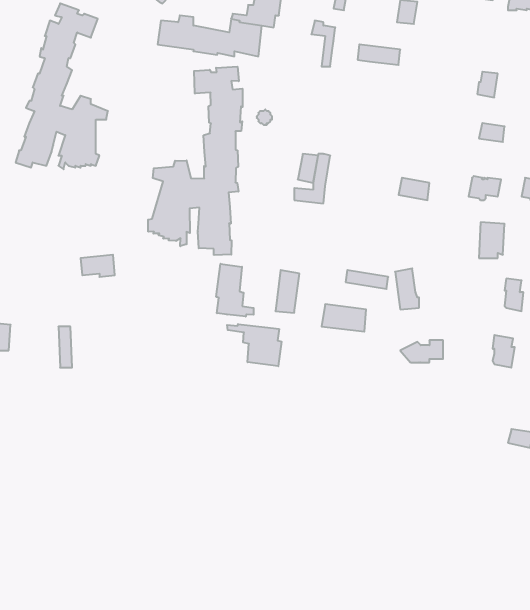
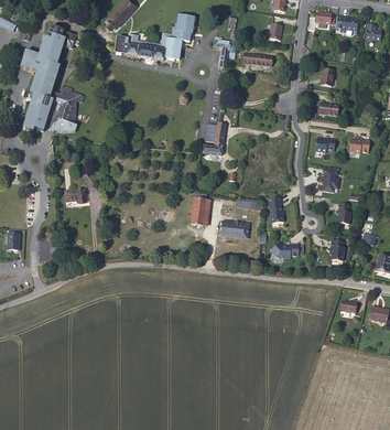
building: [148,67,243,255] -> none
building: [216,264,254,317] -> none
building: [227,324,282,366] -> none

